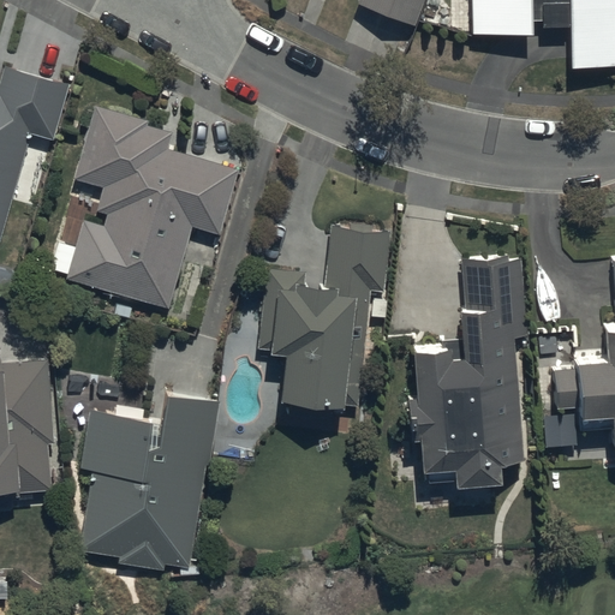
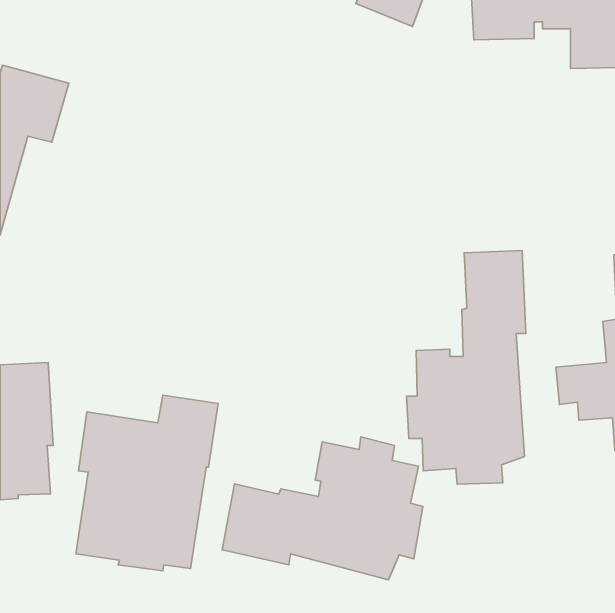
building: [52,105,238,309] -> none
building: [261,222,390,413] -> none
building: none -> [222,437,423,580]

